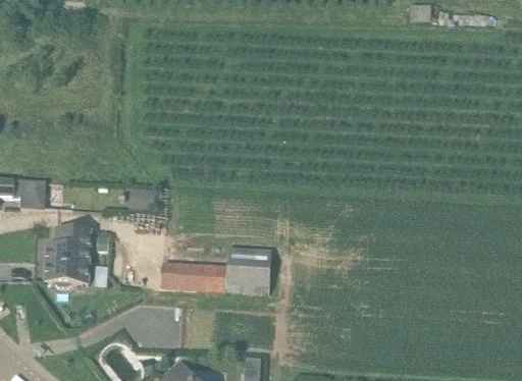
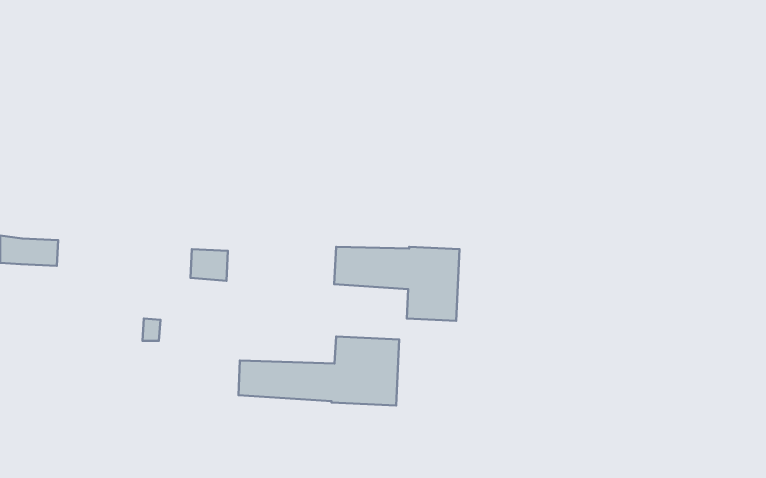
building: none -> [334,247,460,321]
building: [34,230,91,287] -> none

